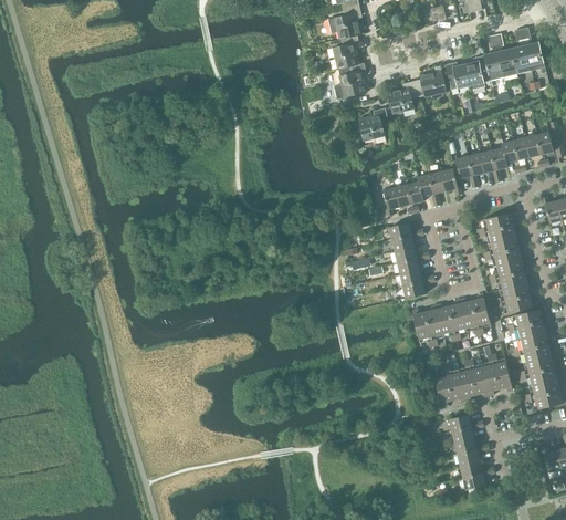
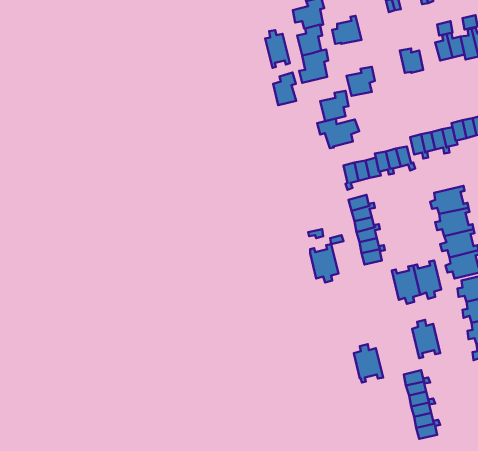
building: none -> [265,30,290,68]
building: [465,55,490,90] -> none
building: [413,66,446,97] -> [332,16,361,44]
building: none -> [273,73,296,105]
building: none -> [317,119,359,148]
building: [412,305,443,347] -> [310,244,338,283]
building: [481,354,512,396] -> none
building: [433,365,465,407] -> [354,344,383,383]

